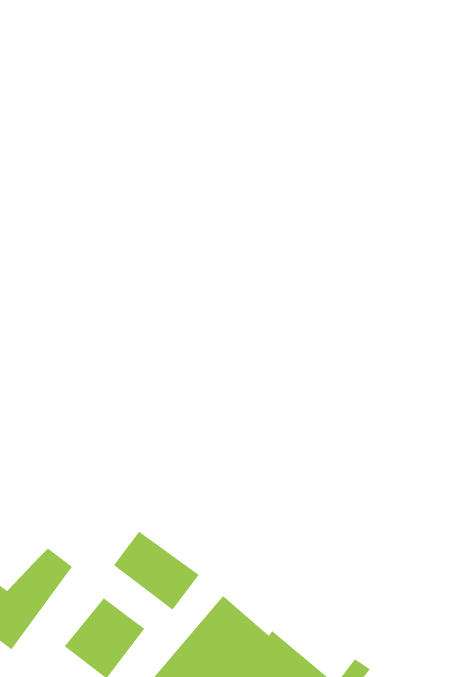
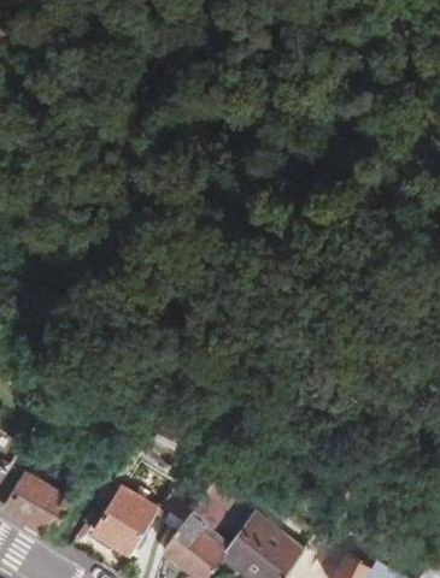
building: [113,531,200,611] -> none

